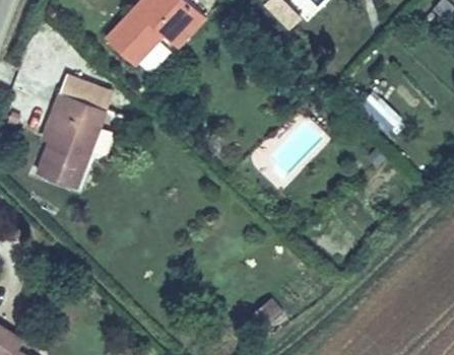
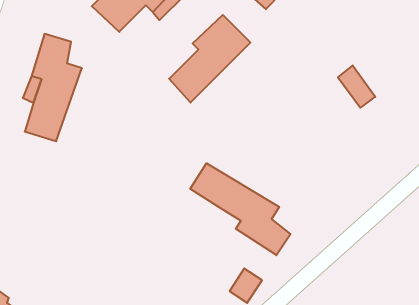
building: none -> [169,15,250,103]
building: none -> [190,163,290,255]

